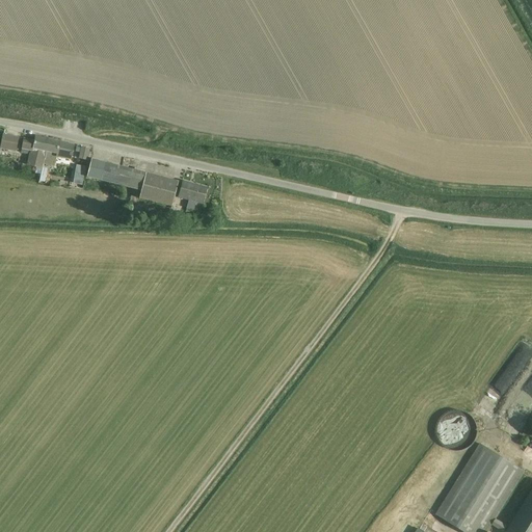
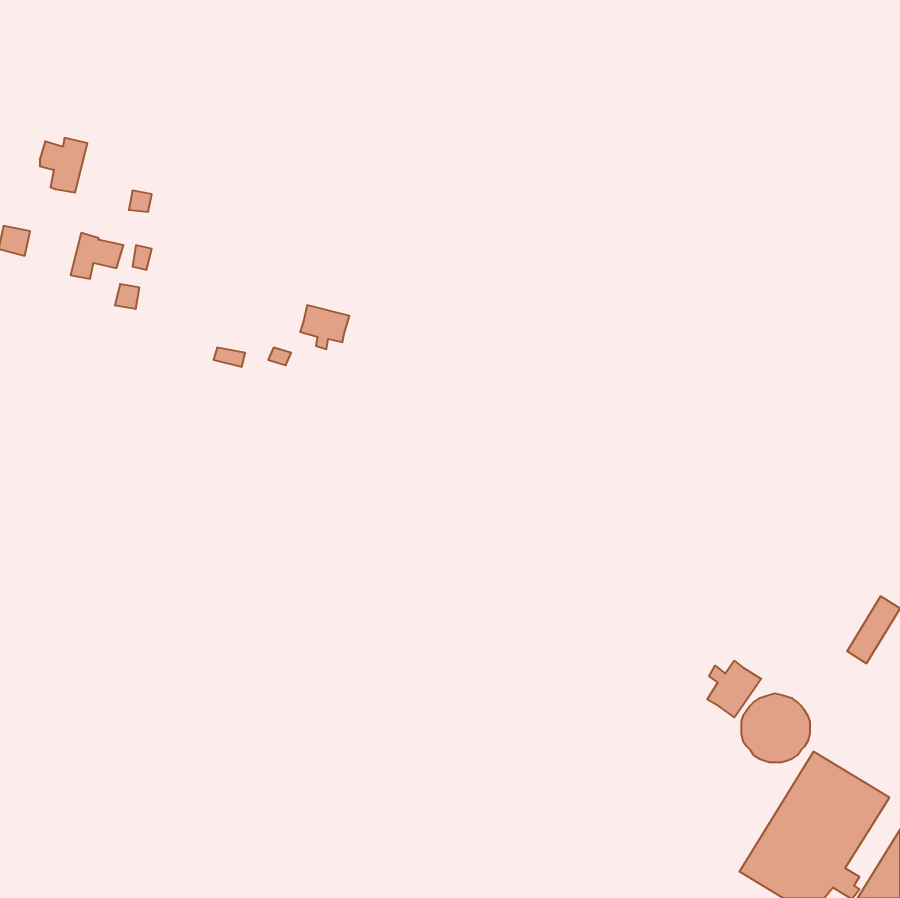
building: [20,134,48,166] -> [40,138,87,193]
building: [85,158,178,206] -> none
building: none -> [707,661,761,717]

